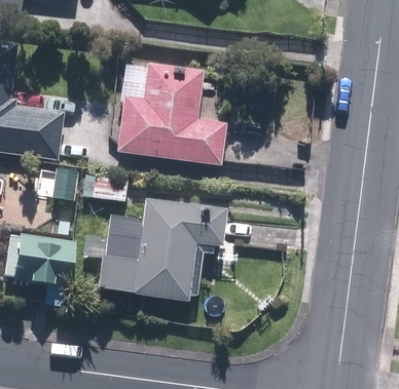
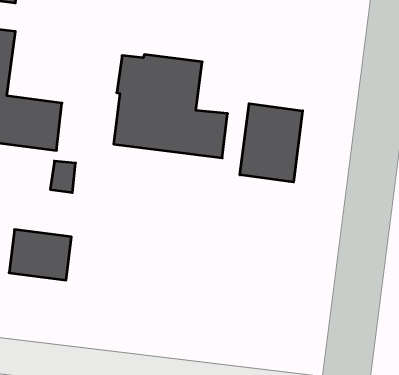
building: none -> [240,104,303,182]
building: [96,200,224,302] -> none

